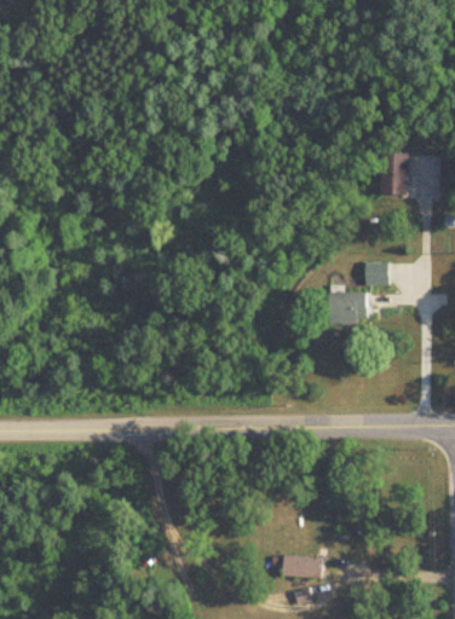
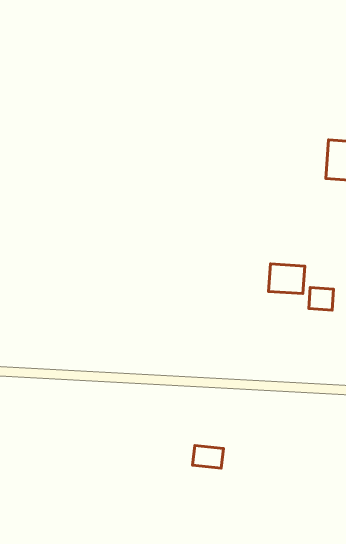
building: [362,262,387,285] -> [309,288,333,310]
building: [281,555,313,578] -> [193,445,224,468]

